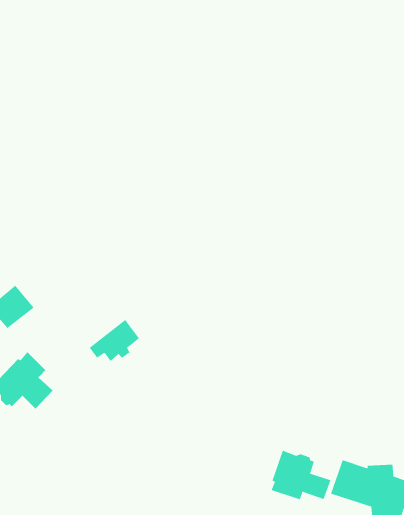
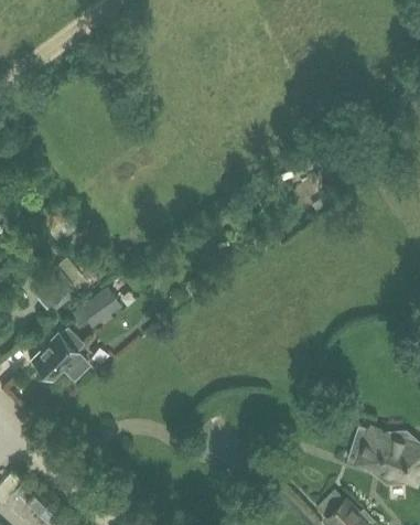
building: [89,319,140,362] -> [74,288,121,328]
building: [271,450,331,500] -> none

